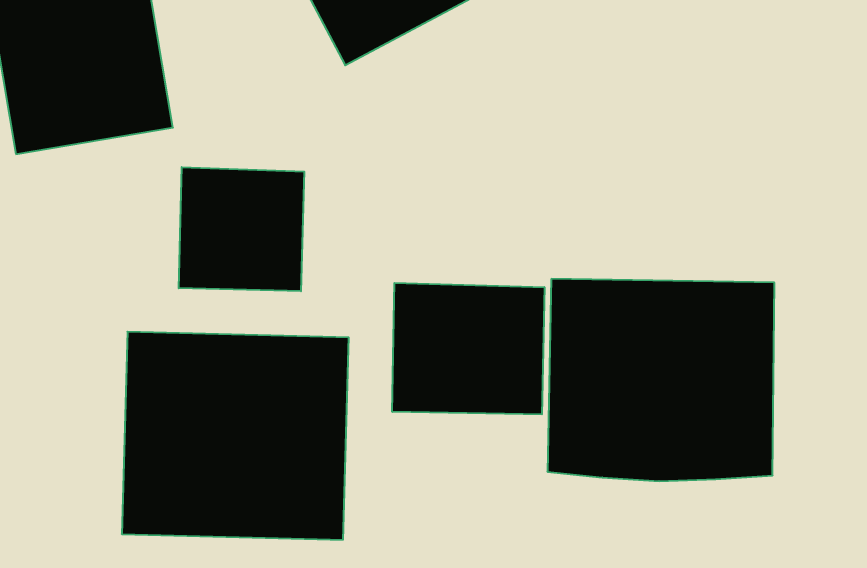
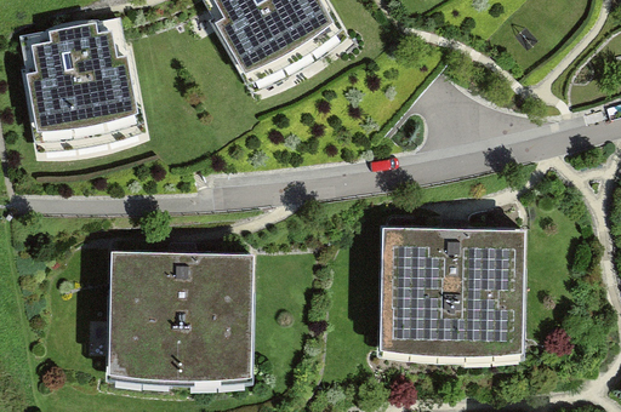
building: [179,167,304,291] -> none
building: [392,283,544,414] -> none

